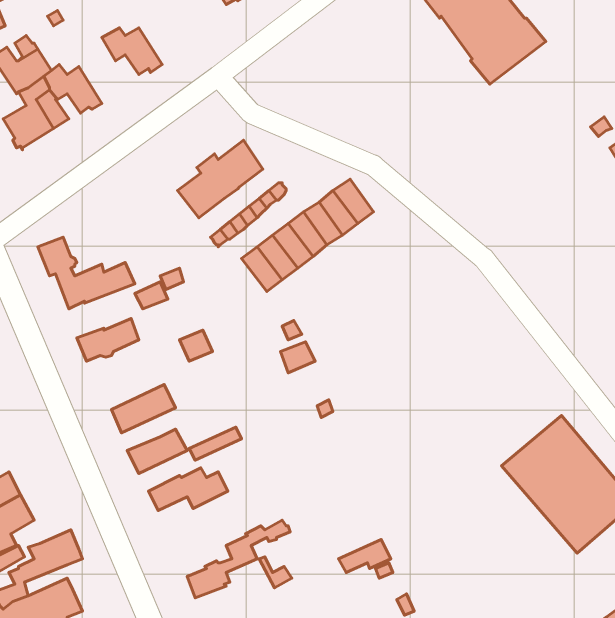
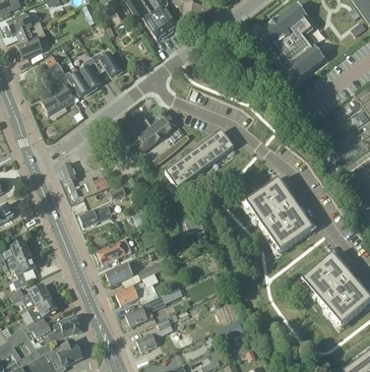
building: none -> [79,57,101,91]
building: none -> [245,180,313,253]
building: none -> [125,291,173,325]

